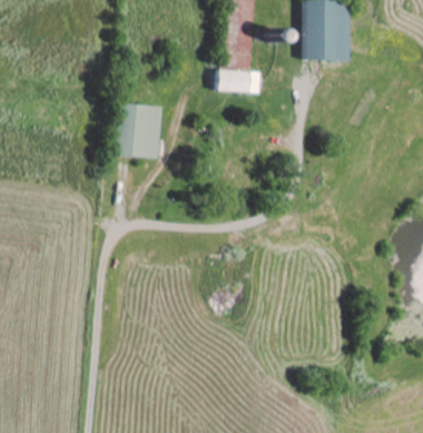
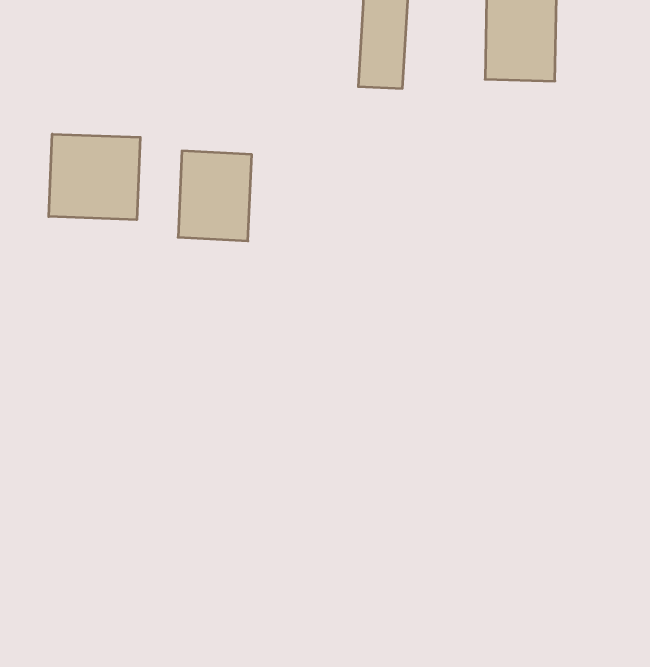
building: [218,70,259,94] -> none
building: none -> [49,134,140,220]

